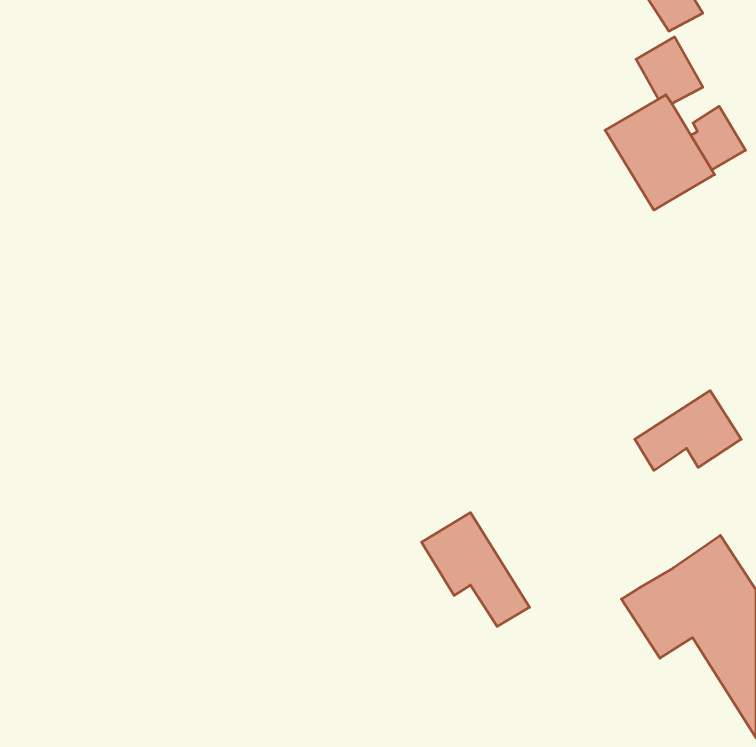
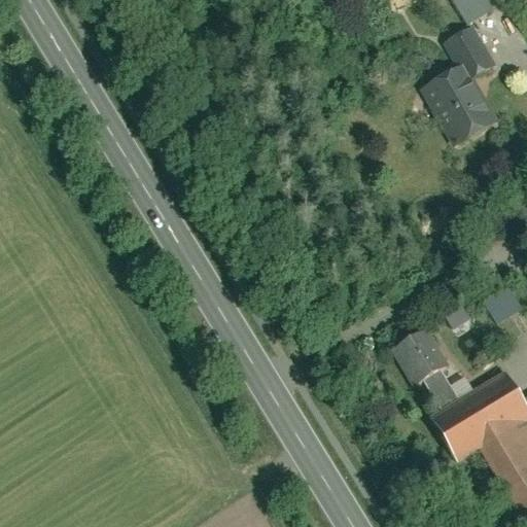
building: [691,106,746,170] -> none
building: [422,513,530,626] -> [393,329,468,409]

